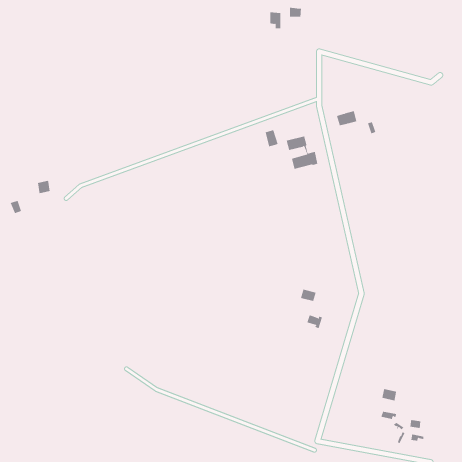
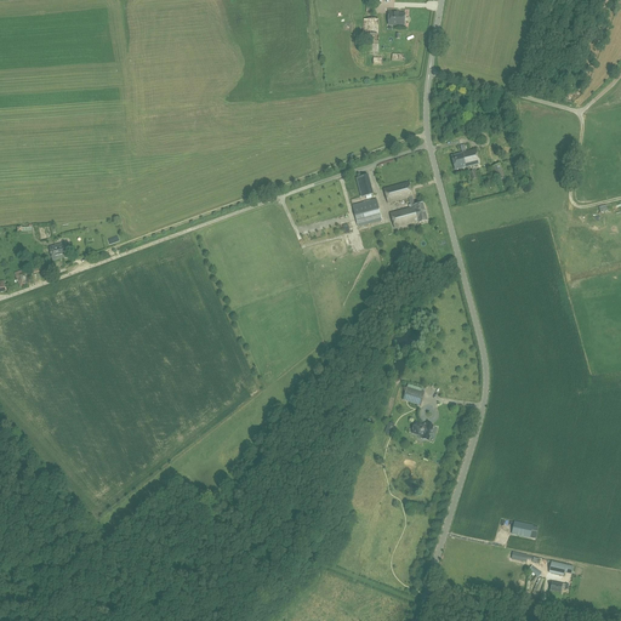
building: none -> [352,198,382,226]

